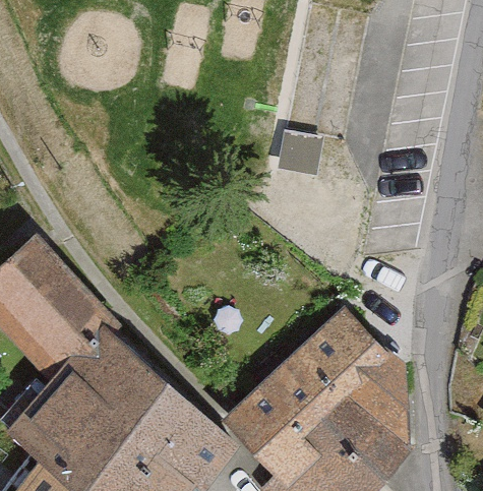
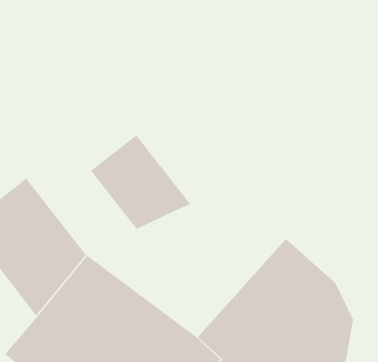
building: none -> [90,135,191,229]

